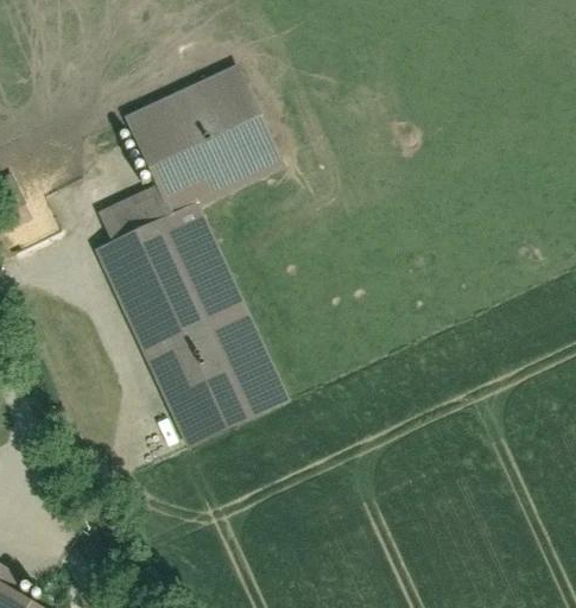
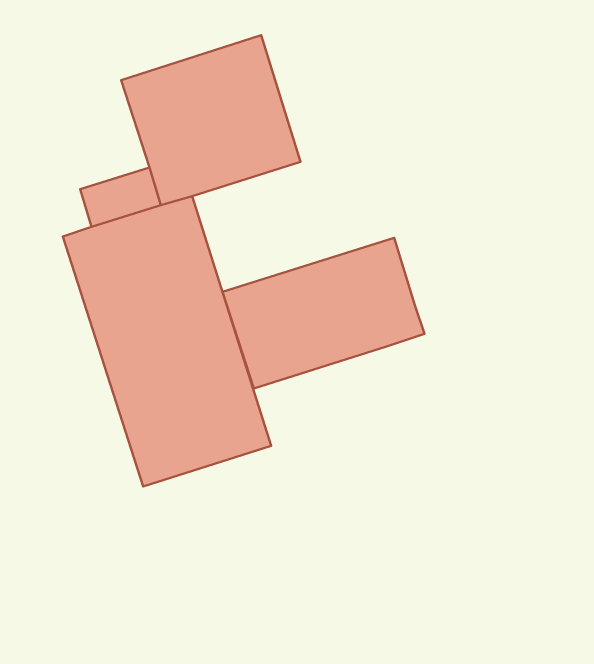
building: none -> [222,238,425,389]

